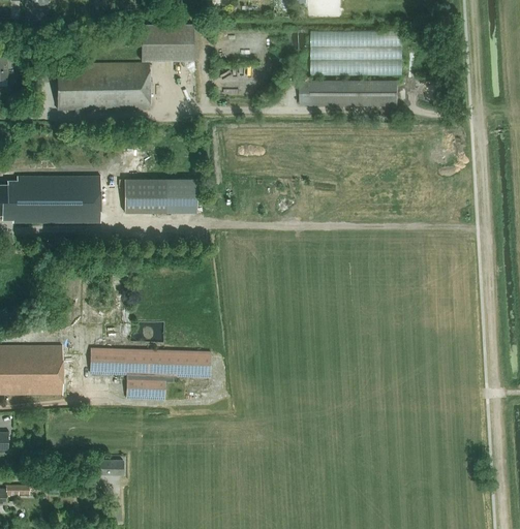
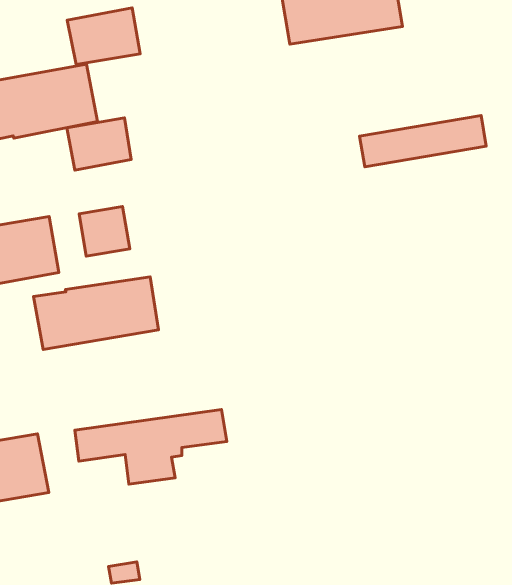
building: [300,81,398,105] -> [360,116,486,167]
building: none -> [67,118,131,170]
building: [159,179,196,213] -> none
building: none -> [34,277,159,349]

